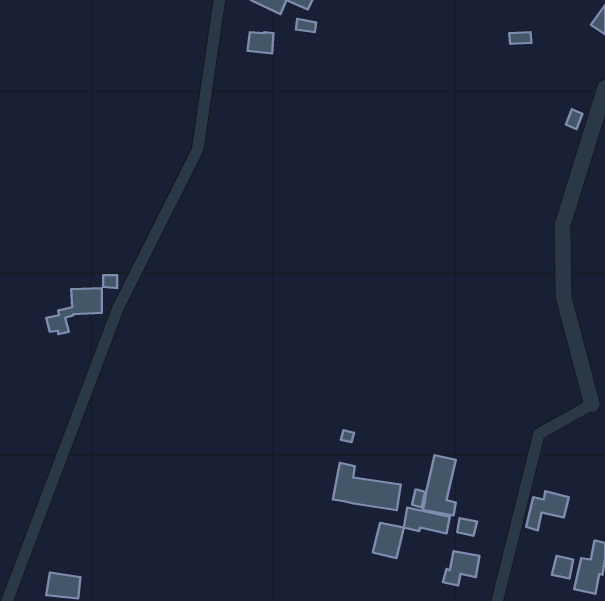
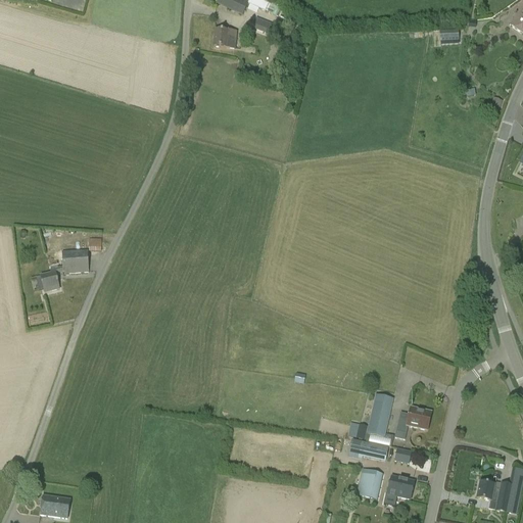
building: [333,463,401,510] -> none
building: [526,491,569,530] -> [394,405,431,438]
building: [373,523,404,558] -> [356,467,383,497]

